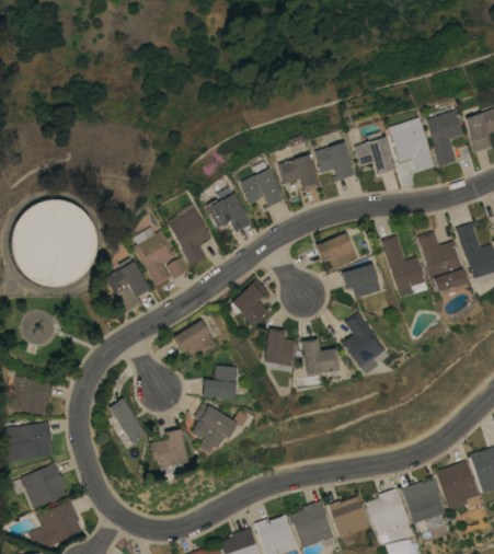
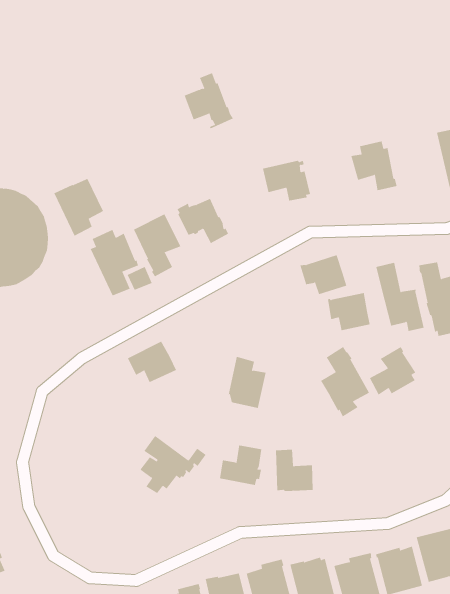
building: [387,117,434,171] -> none
building: [313,141,354,181] -> none
building: [239,160,284,209] -> [184,73,234,129]
building: [105,261,150,312] -> [54,178,104,237]
building: [228,278,272,325] -> none
building: none -> [369,346,416,395]
building: [301,336,337,373] -> [275,449,313,492]
building: [203,365,239,399] -> [219,445,262,485]
building: [108,396,147,445] -> none
building: [150,428,187,474] -> none

